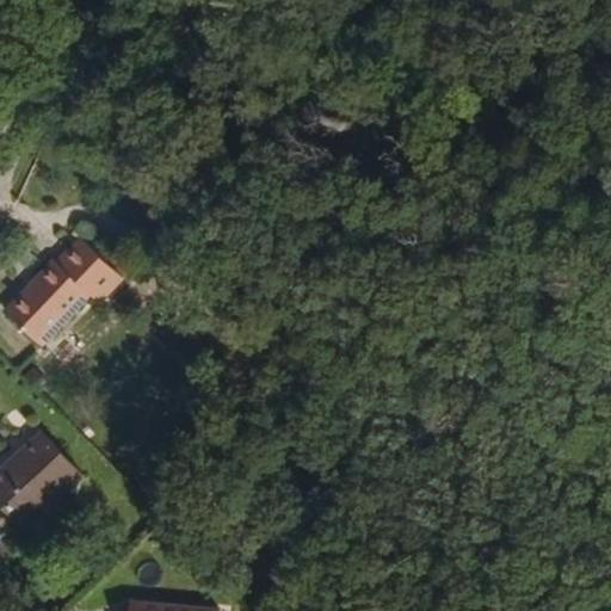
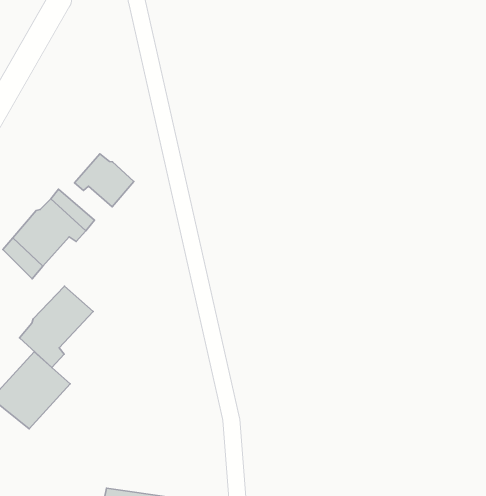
building: none -> [75,154,134,207]
building: none -> [19,286,93,367]

